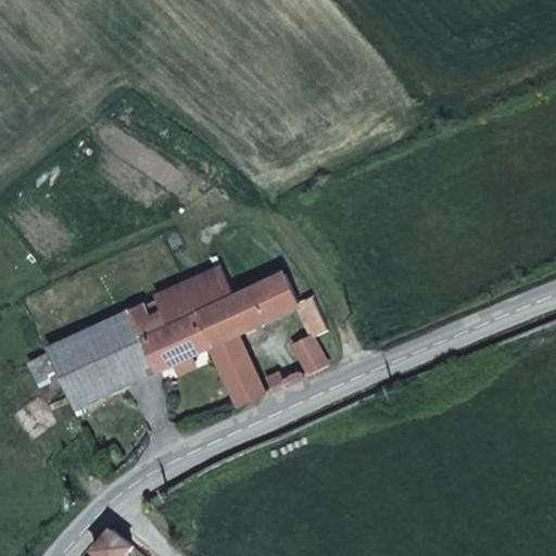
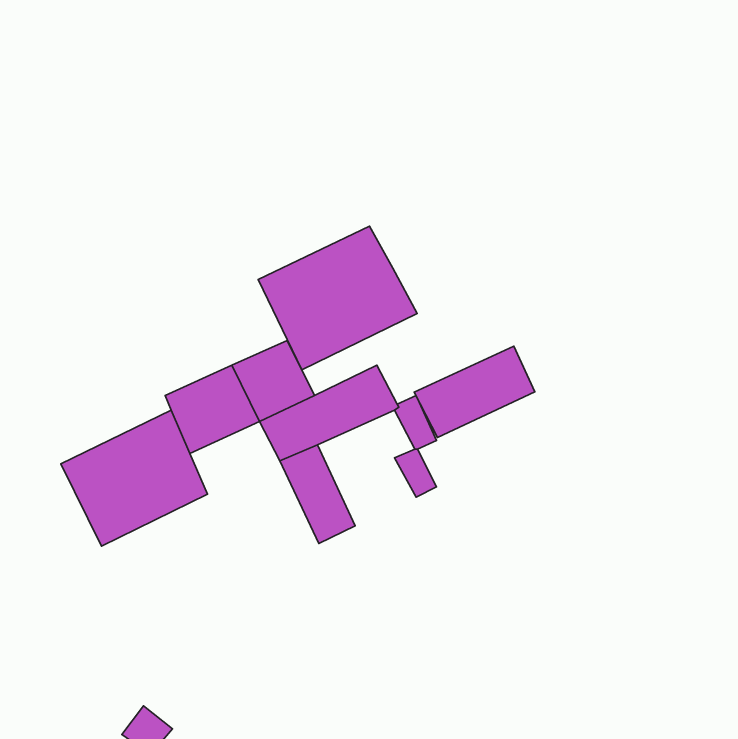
building: none -> [258,226,417,370]
building: none -> [414,346,535,437]
building: [142,317,210,371] -> none

